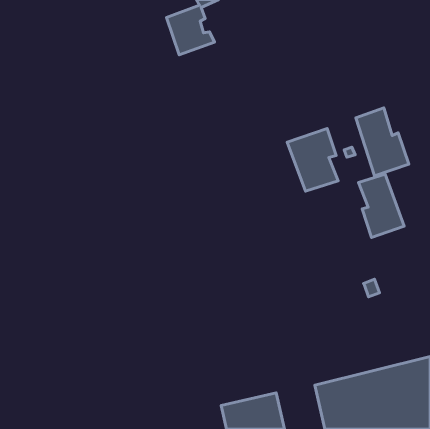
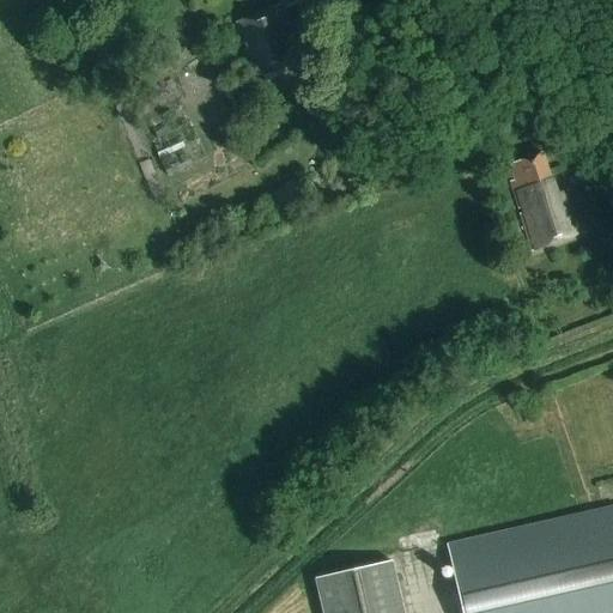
building: [287,129,338,191] -> none
building: [359,174,404,237] -> none

